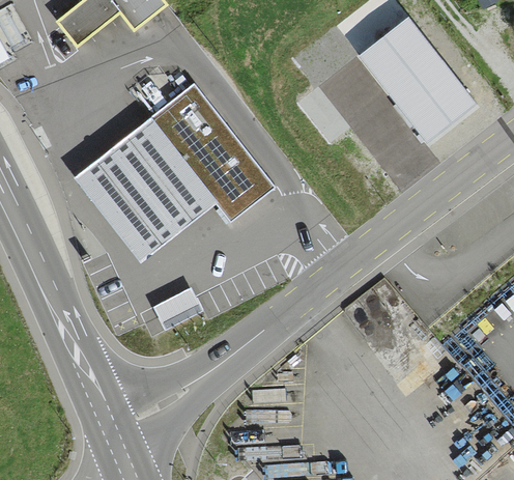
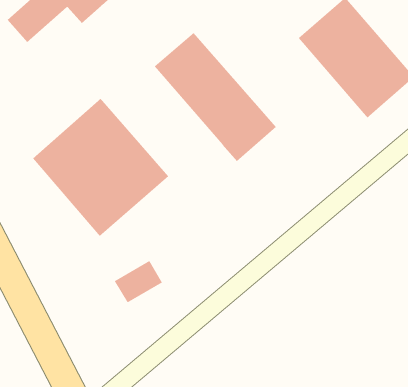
building: [150,82,275,219] -> [154,32,277,162]

